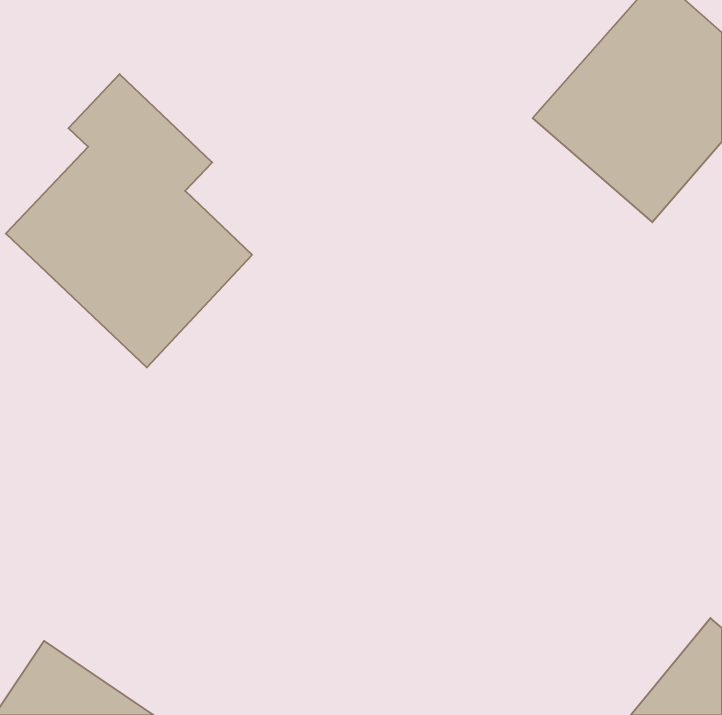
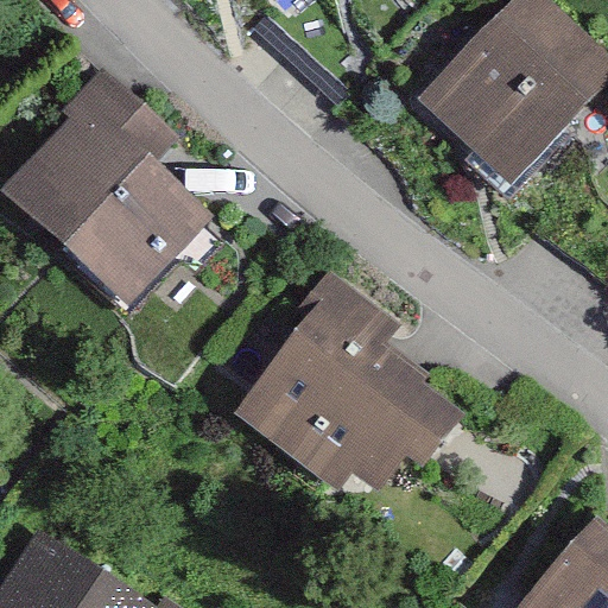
building: none -> [224,274,470,493]

